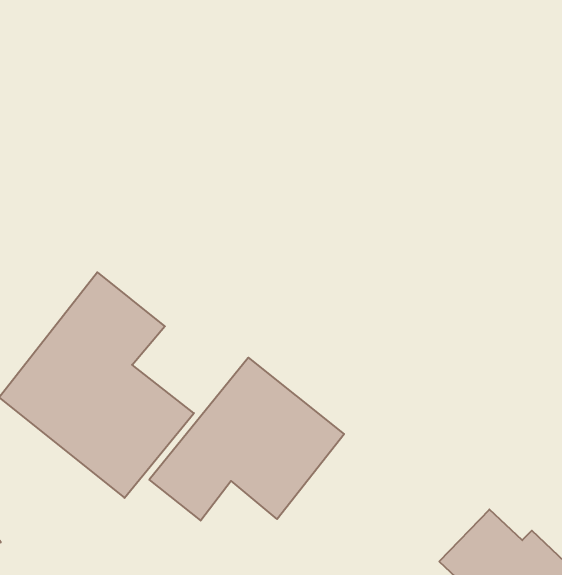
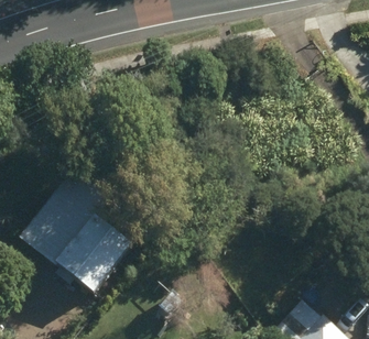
building: [149,358,344,521] -> none

